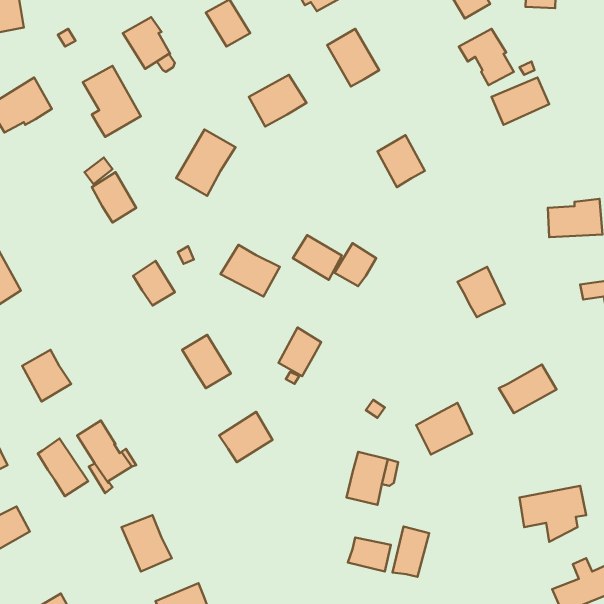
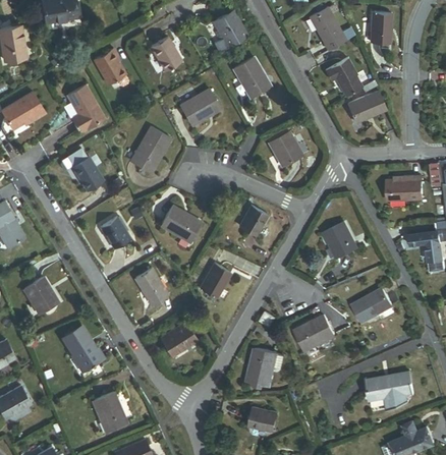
building: [293,235,342,280] -> none
building: [38,439,88,496] -> none
building: [393,526,429,577] -> none

